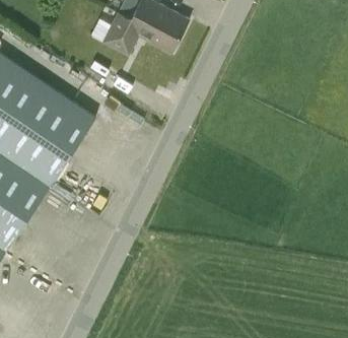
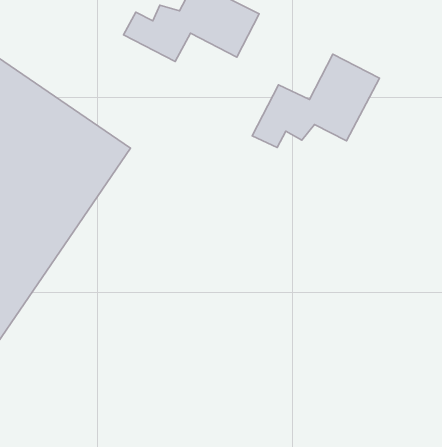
building: none -> [252,54,380,147]

